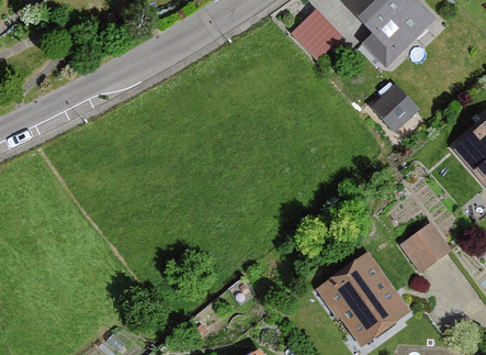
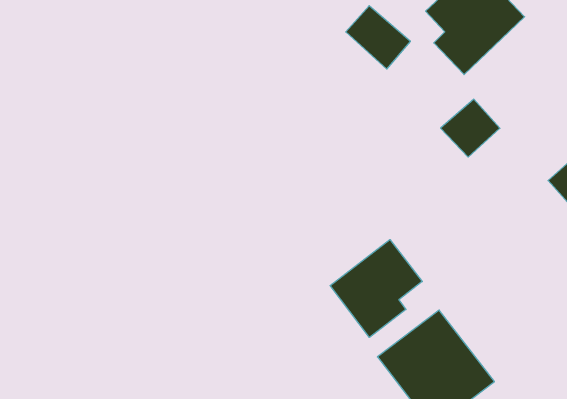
building: none -> [330,240,422,337]
building: [399,222,449,271] -> none

